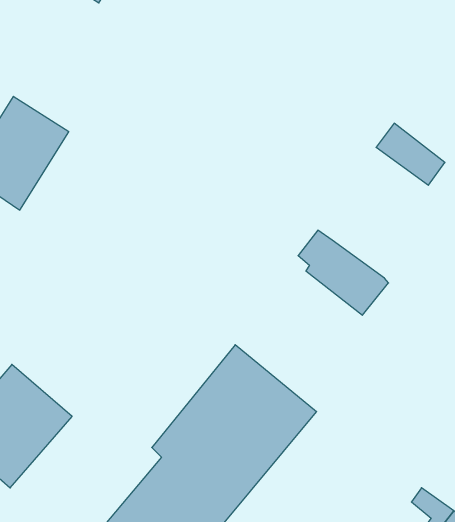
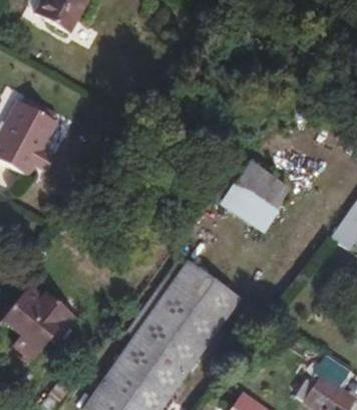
building: [376,123,445,185] -> [240,165,287,205]

